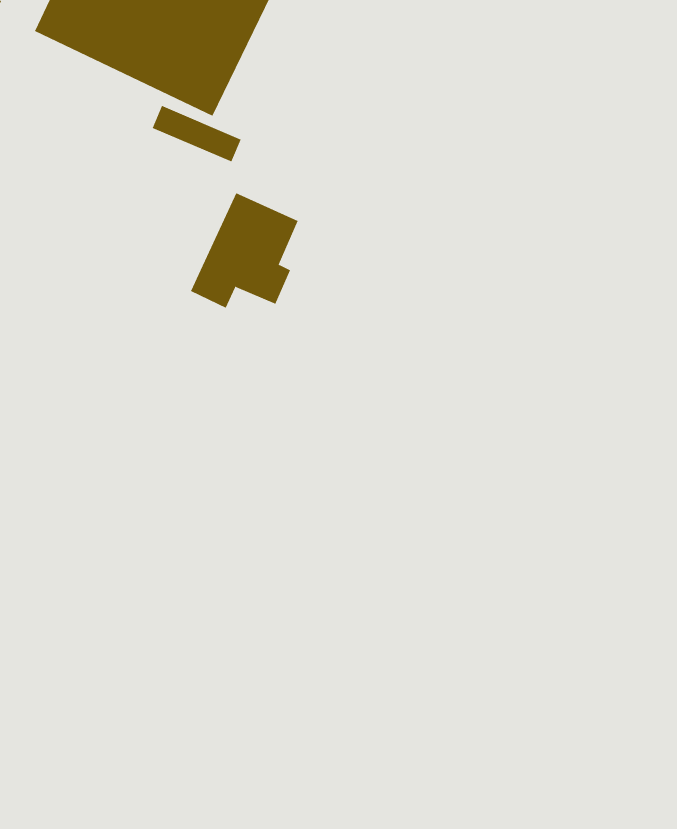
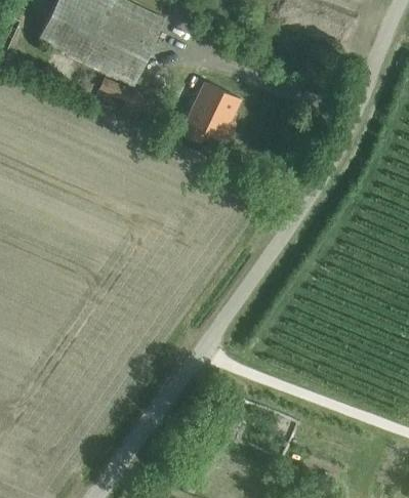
building: [190,192,299,308] -> [182,80,241,142]

